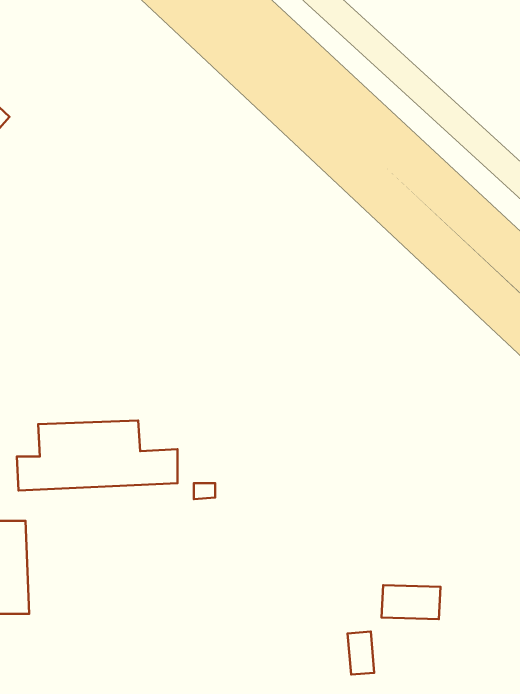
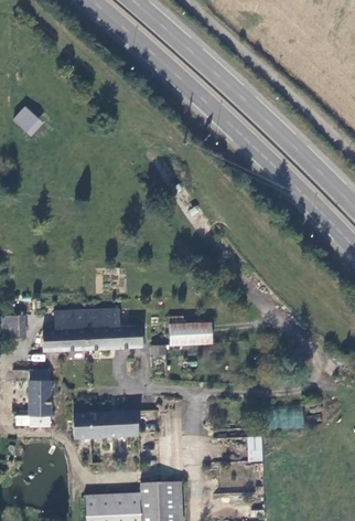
building: none -> [172,321,214,343]
building: none -> [73,410,138,438]

